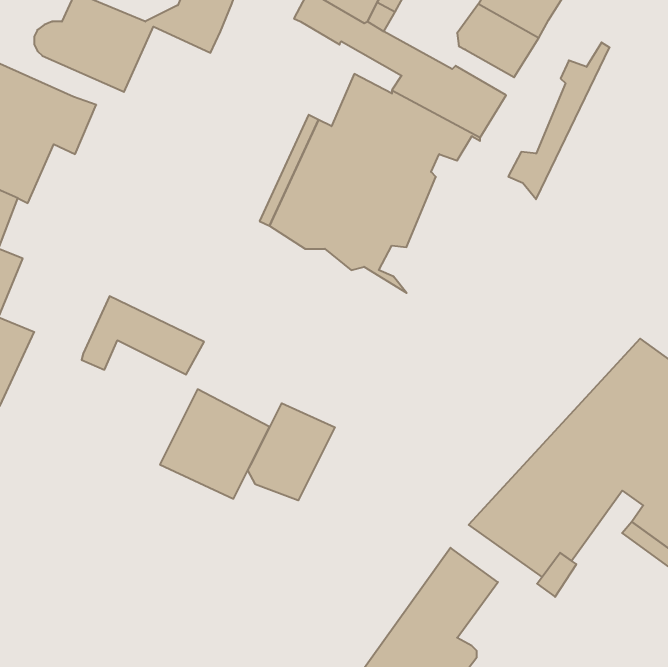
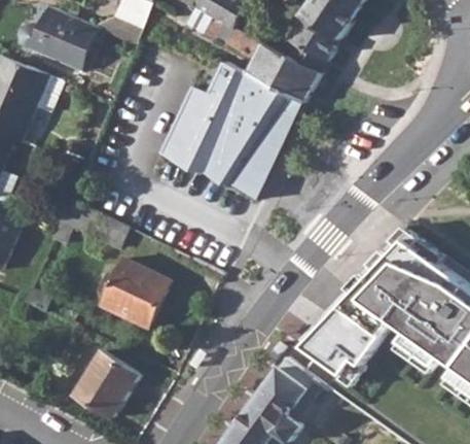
building: [508,42,610,199] -> [239,99,302,198]
building: [248,403,335,500] -> none
building: none -> [73,351,138,417]

